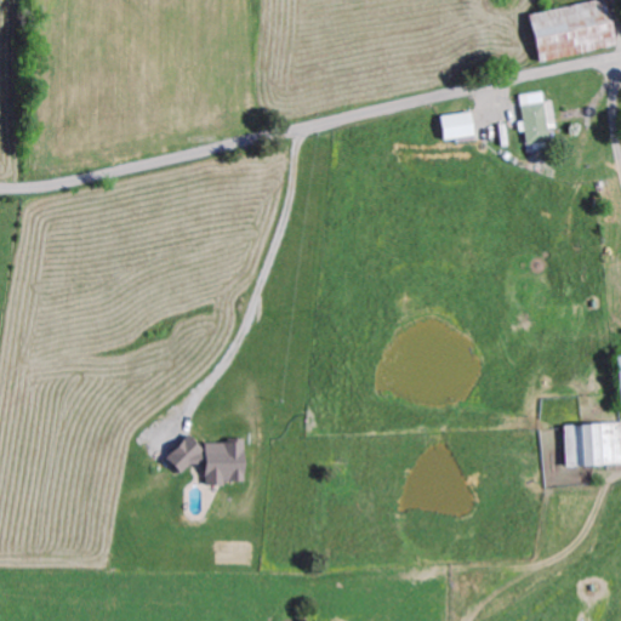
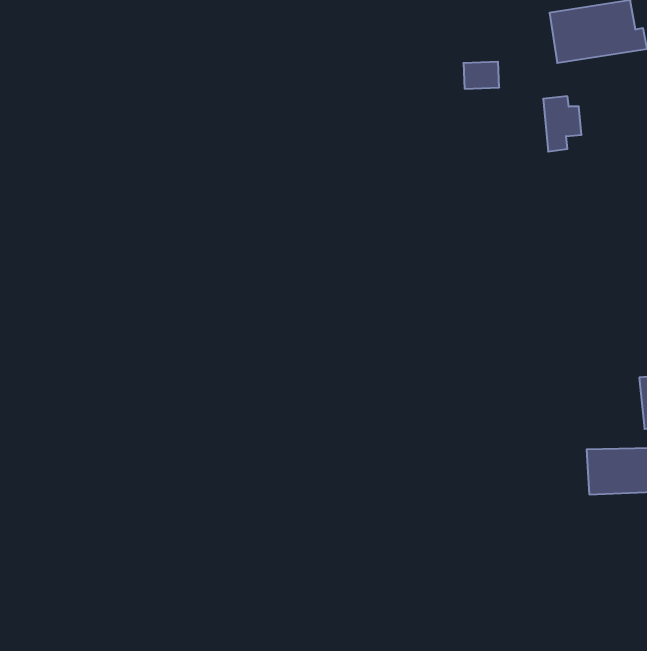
building: [440,113,474,138] -> [463,62,499,89]
building: [167,440,249,486] -> none

